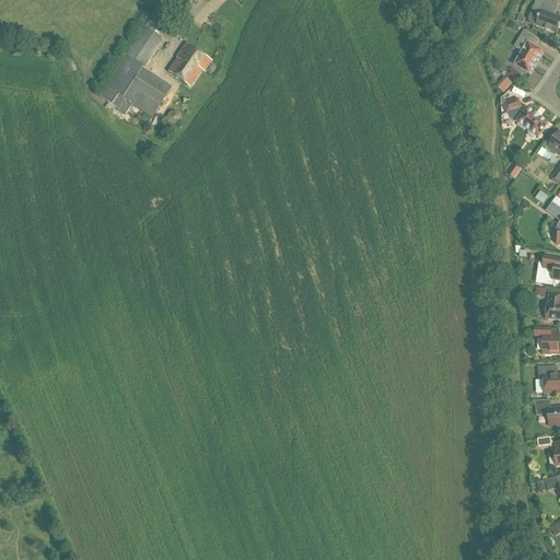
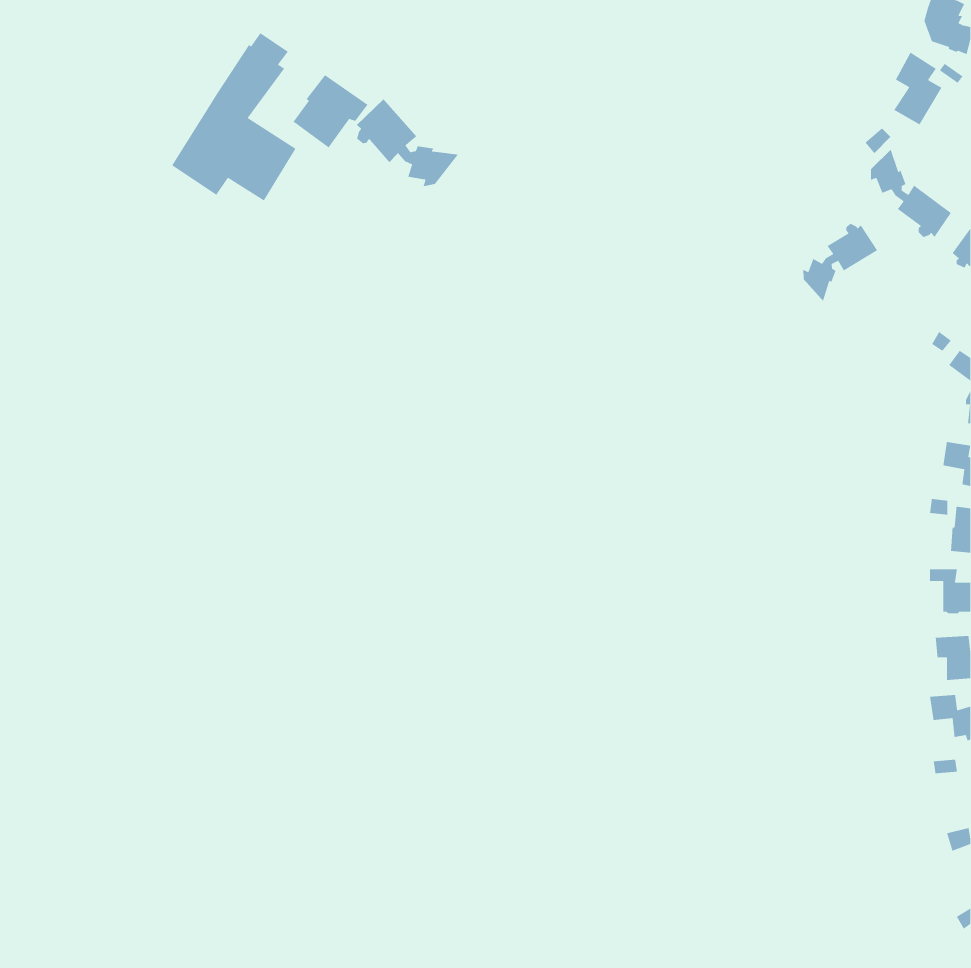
building: none -> [356,99,459,187]
building: none -> [803,223,878,302]

